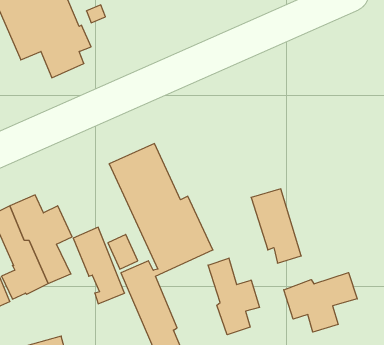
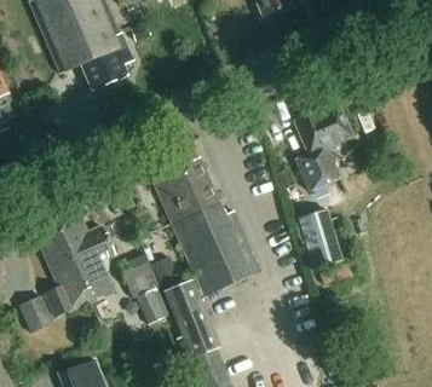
building: none -> [294,104,350,196]
building: [208,258,259,335] -> none
building: [284,273,357,332] -> none

